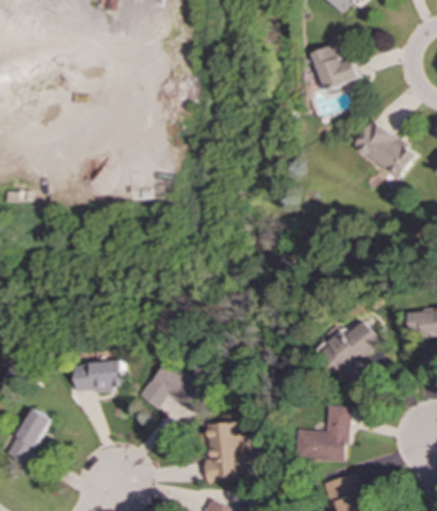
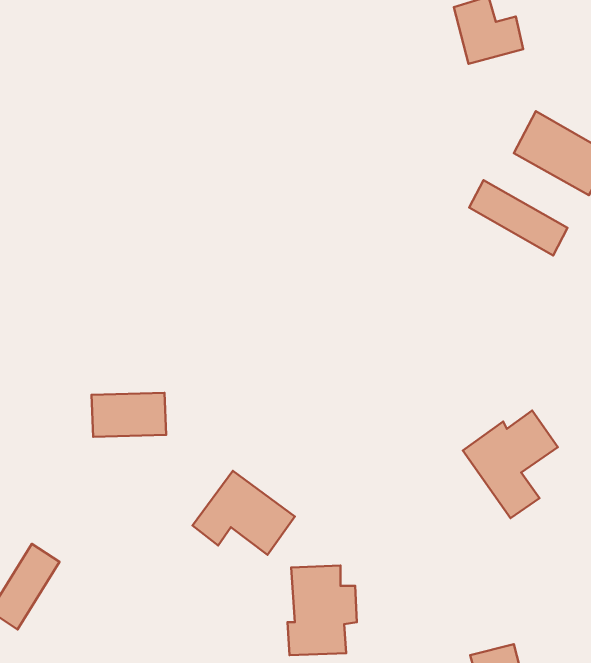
building: none -> [469,180,567,255]
building: [74,362,123,391] -> [91,393,166,437]
building: [297,406,347,461] -> none

